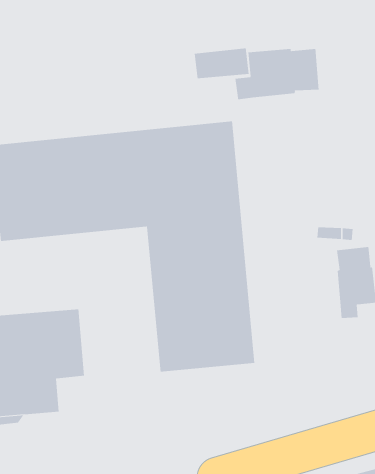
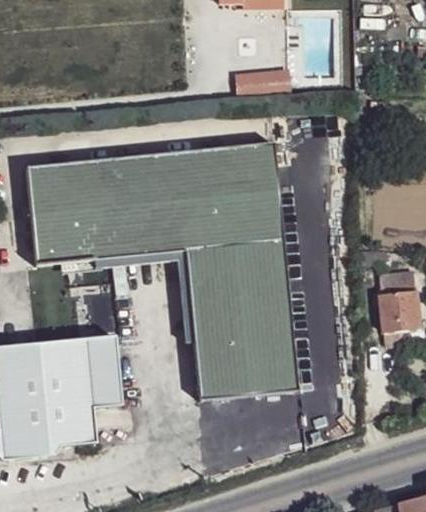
building: [235,48,319,100] -> none

